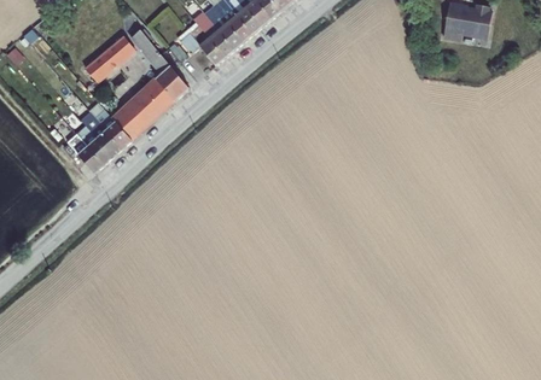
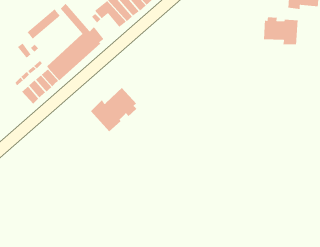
building: none -> [263,17,298,45]
building: none -> [90,87,137,132]

